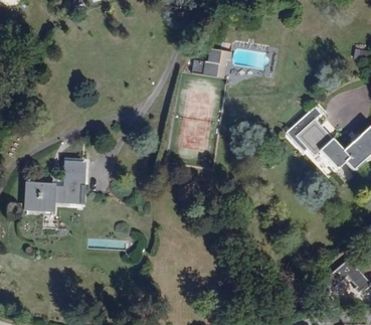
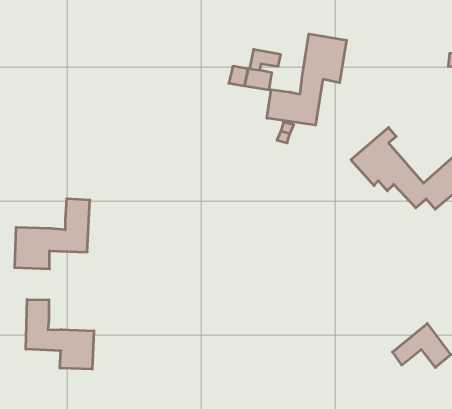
building: none -> [267,34,346,125]
building: none -> [26,299,94,369]

